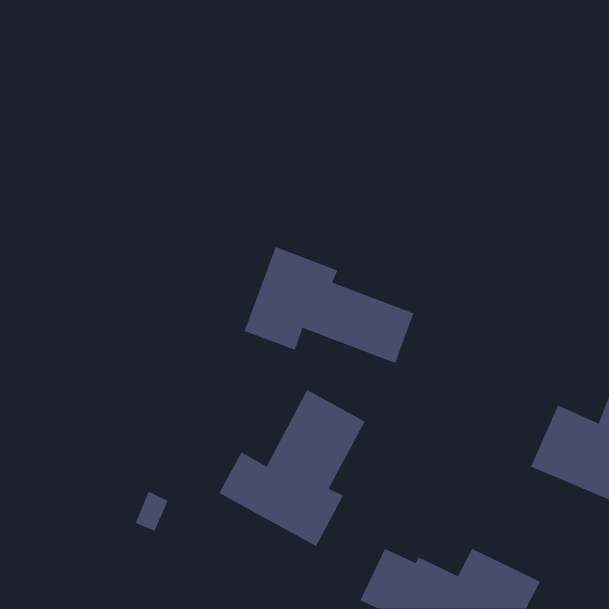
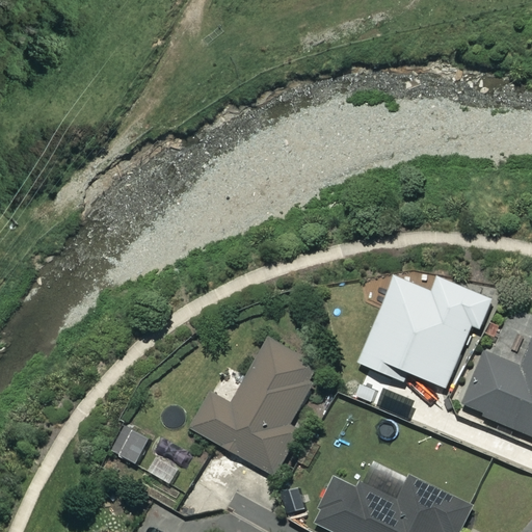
building: [244,246,414,364] -> none
building: none -> [357,273,488,391]

